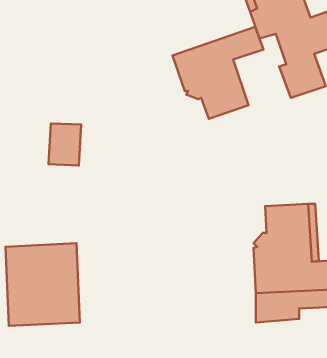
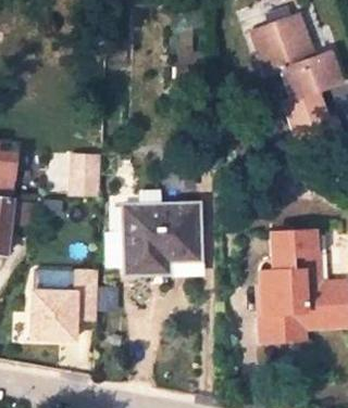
building: [172,27,263,119] -> none
building: none -> [105,202,199,275]

